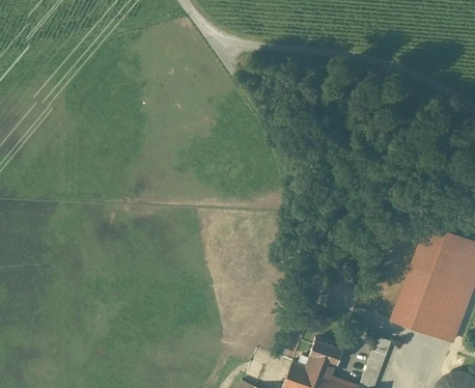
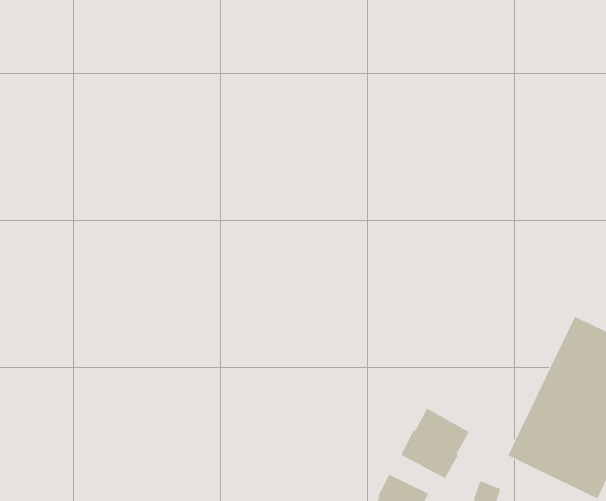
building: none -> [400,408,470,479]

